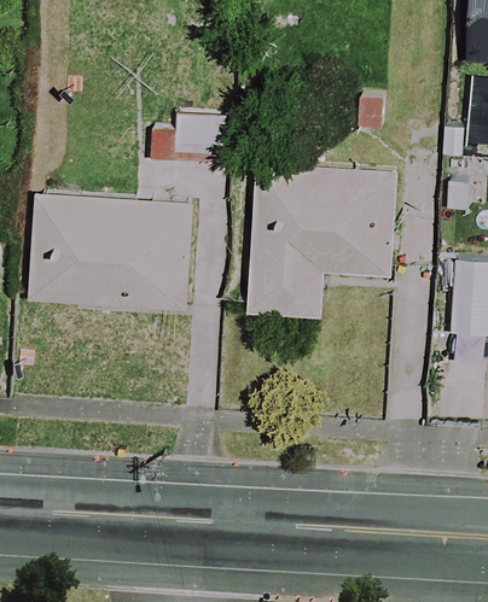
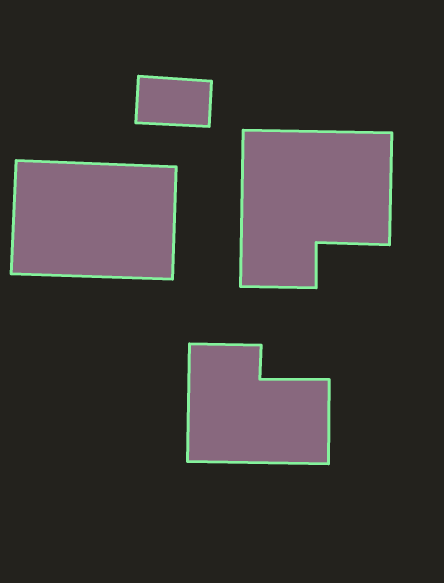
building: none -> [187,344,329,464]

